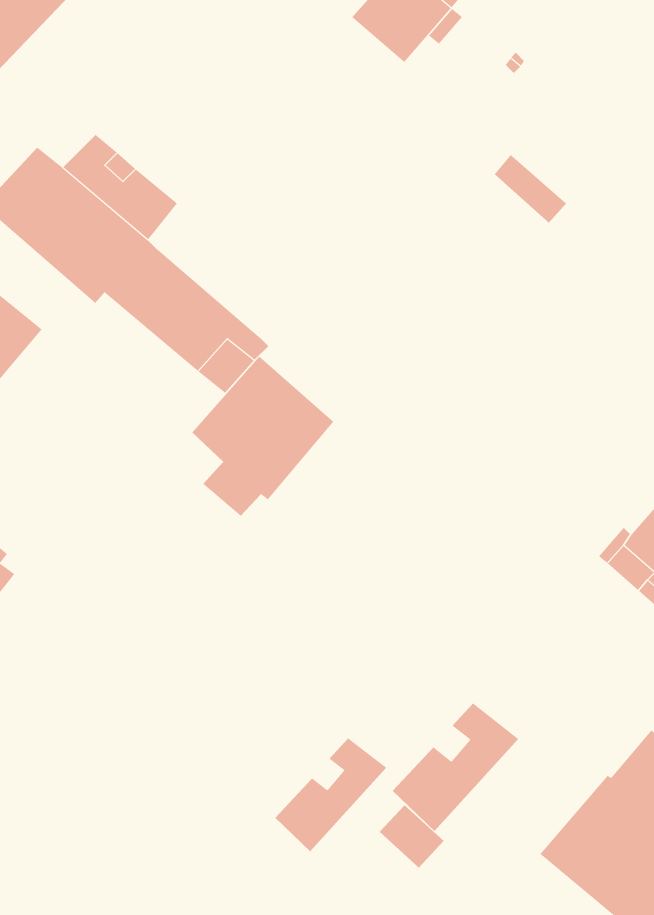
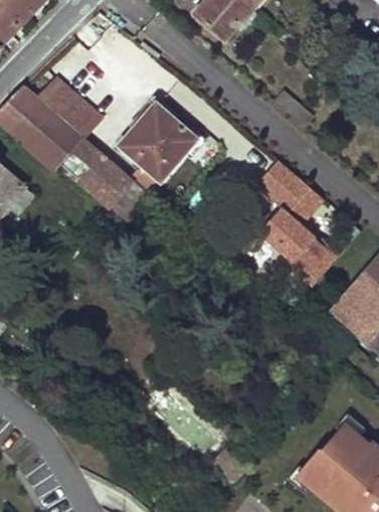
building: none -> [252,157,341,280]
building: [192,356,334,517] -> [119,103,197,191]
building: [392,702,519,832] -> none
building: [274,737,387,852] -> none

